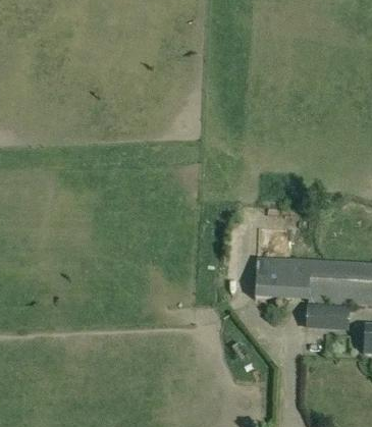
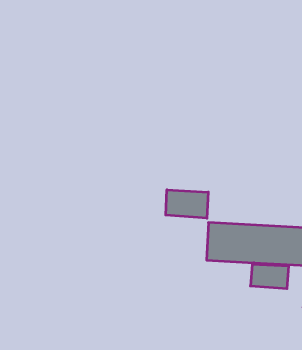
building: none -> [166,190,208,218]

